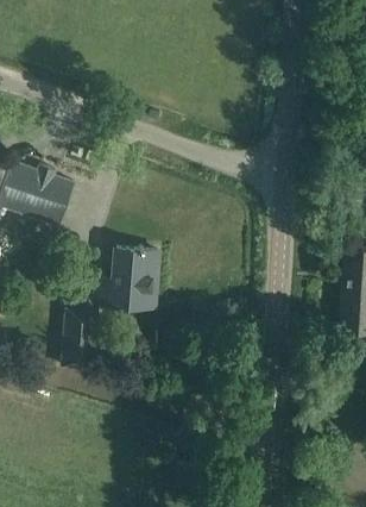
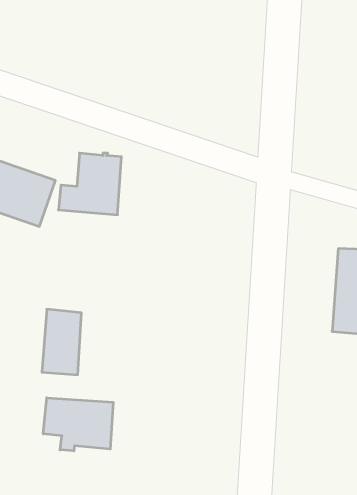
building: [95,246,156,306] -> [58,153,121,215]
building: none -> [43,398,113,451]

